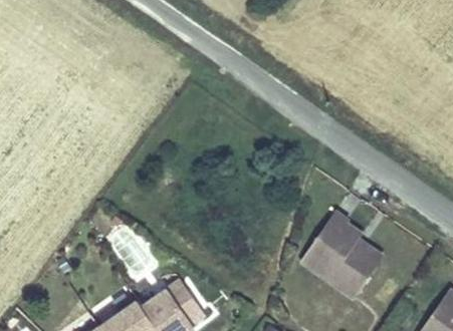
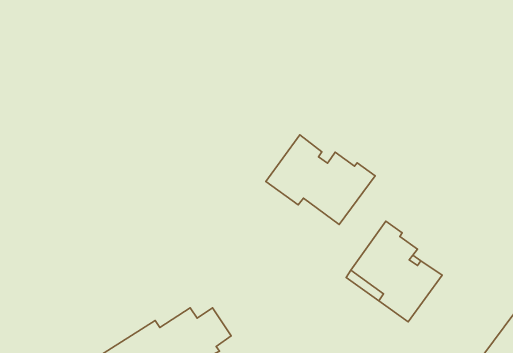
building: none -> [266,135,375,225]

